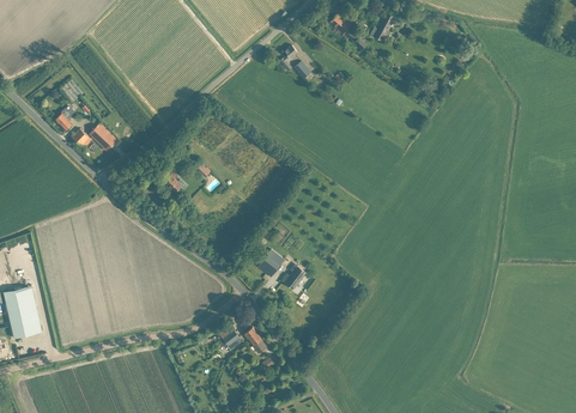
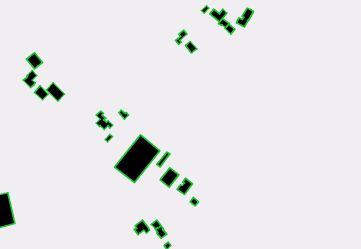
building: none -> [114,135,160,182]

